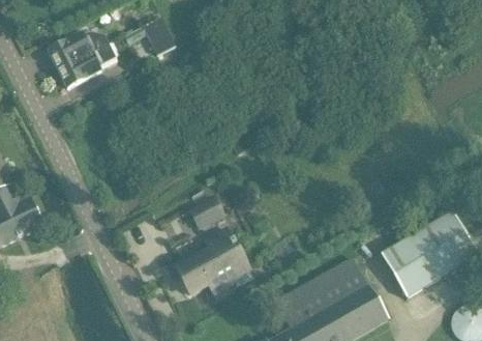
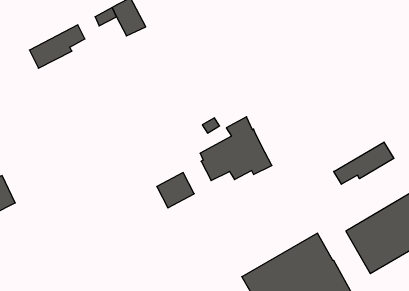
building: [48,32,108,68] -> none
building: none -> [334,142,394,184]
building: [179,228,252,293] -> [200,117,272,181]

